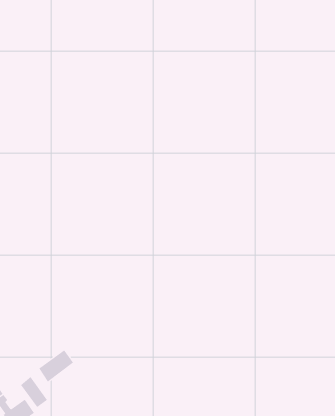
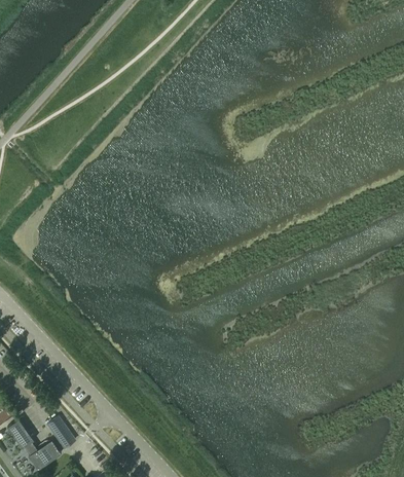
building: [38,350,74,382] -> none

